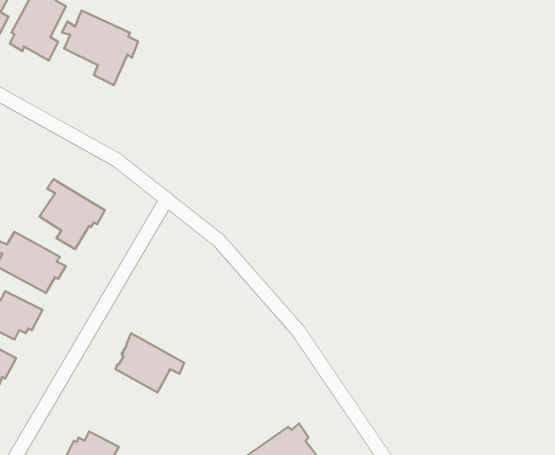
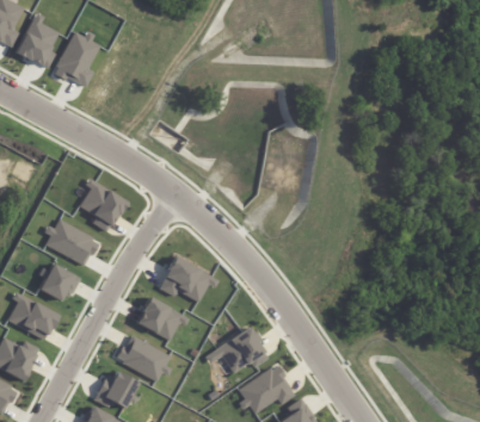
building: [62,10,138,85] -> none
building: none -> [158,255,217,302]
building: none -> [210,327,266,373]
building: none -> [116,335,171,381]

